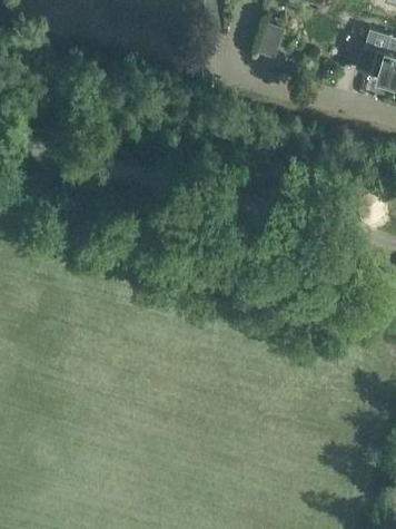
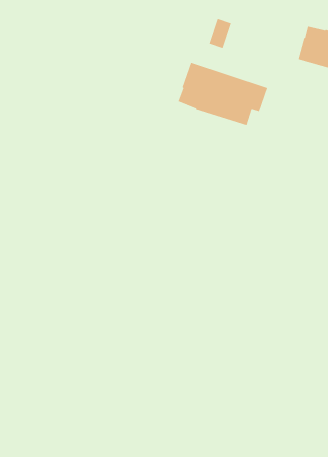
building: none -> [177,62,268,126]

